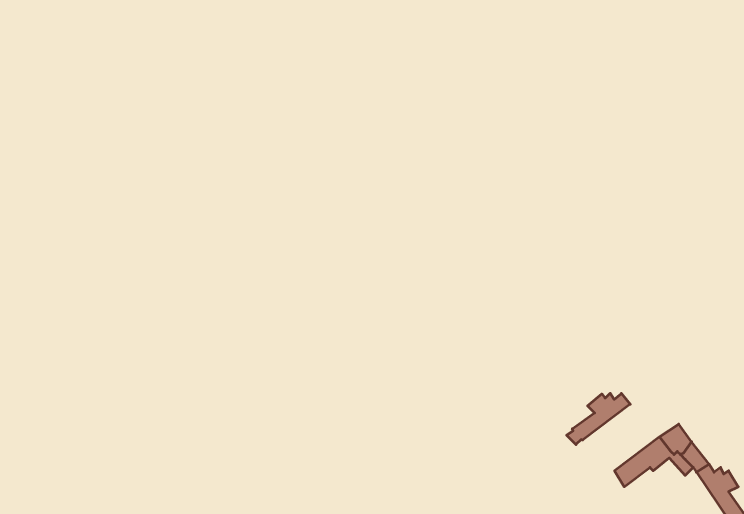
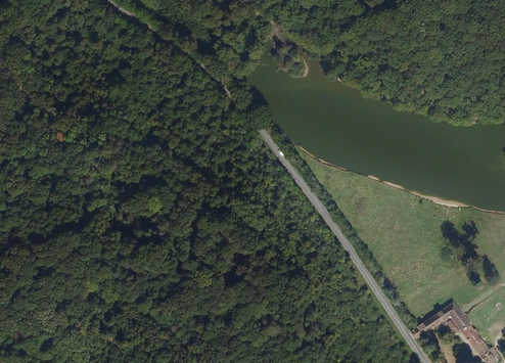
building: [567,393,630,445] -> none

